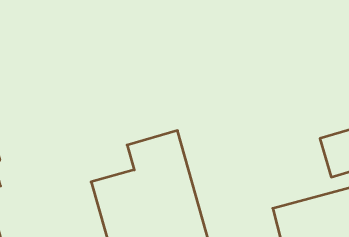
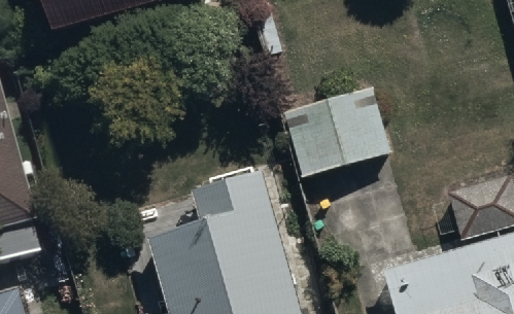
building: none -> [281,80,387,172]

